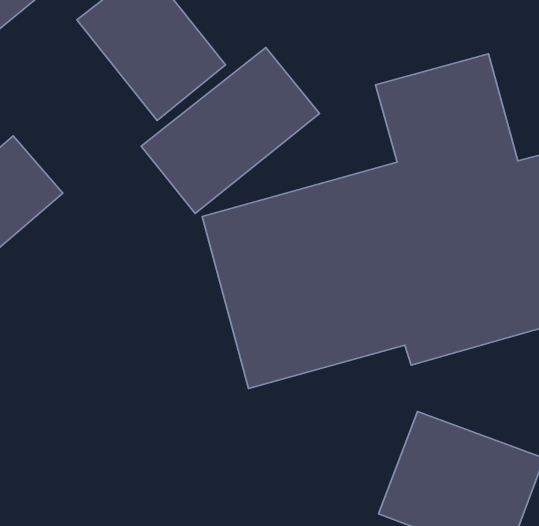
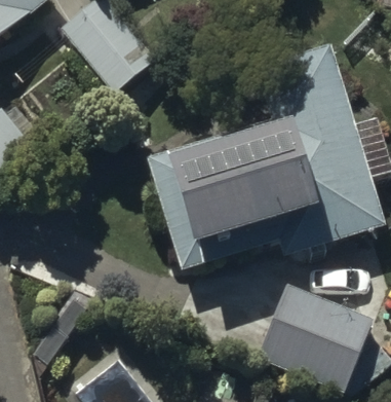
building: [141,47,319,213] -> none

